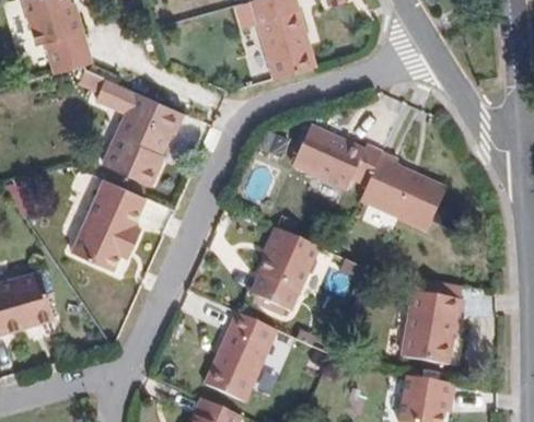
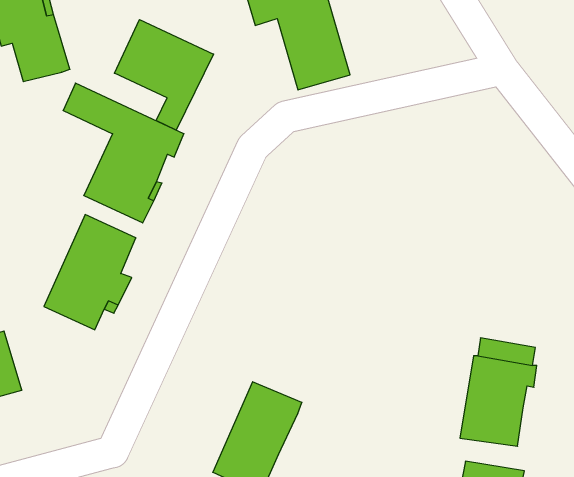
building: none -> [114,20,214,130]
building: [292,125,449,232] -> none
building: [249,228,318,315] -> none

